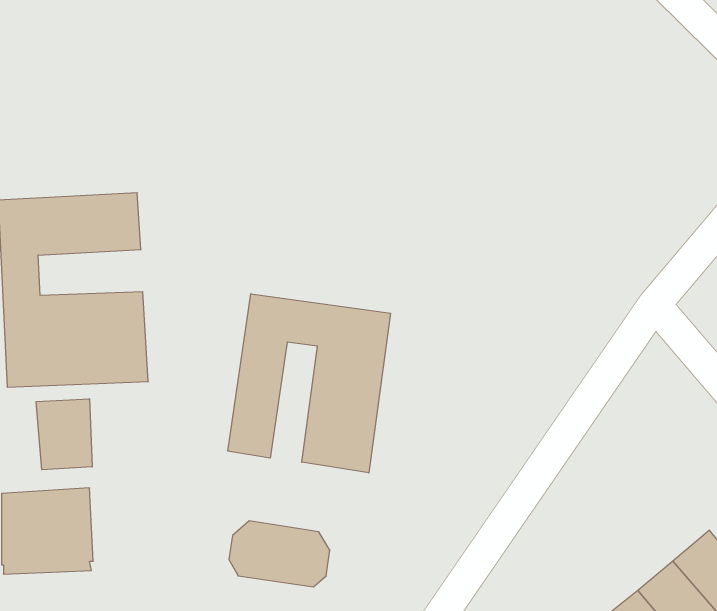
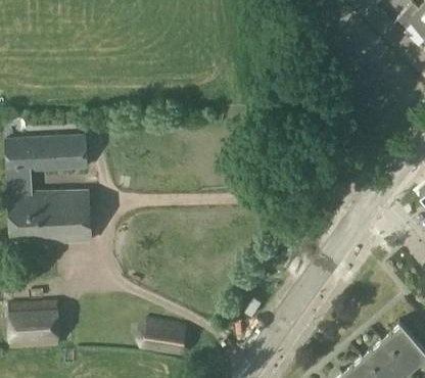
building: [228,294,391,473] -> none
building: [36,399,92,470] -> none

